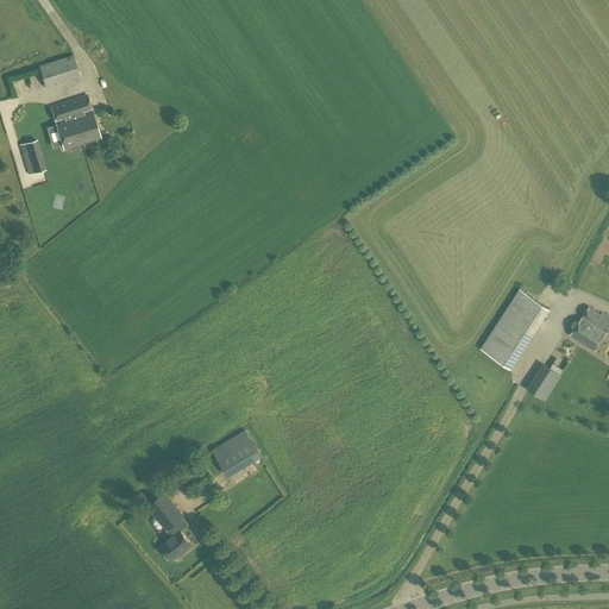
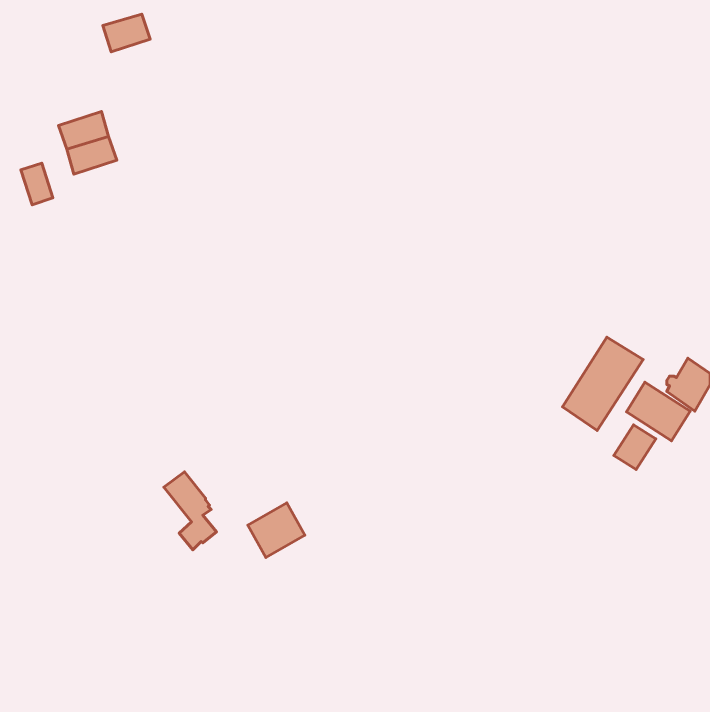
building: [38,56,79,88] -> [103,14,150,52]
building: none -> [626,382,690,441]
building: [146,494,192,560] -> [164,472,217,550]

